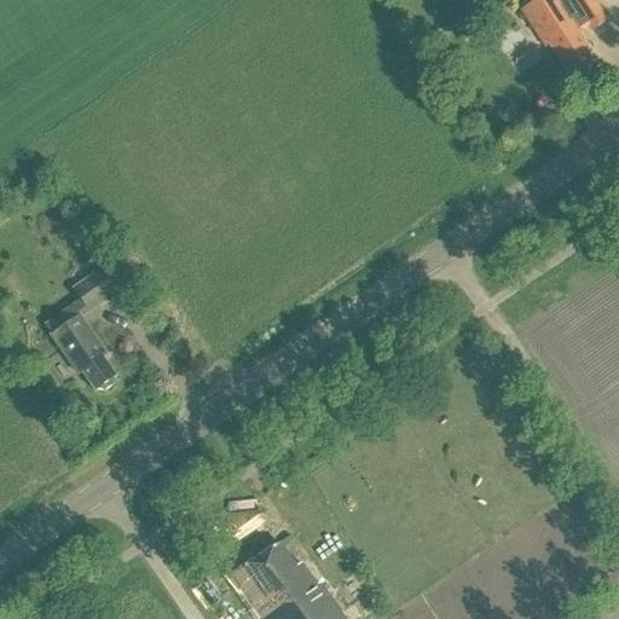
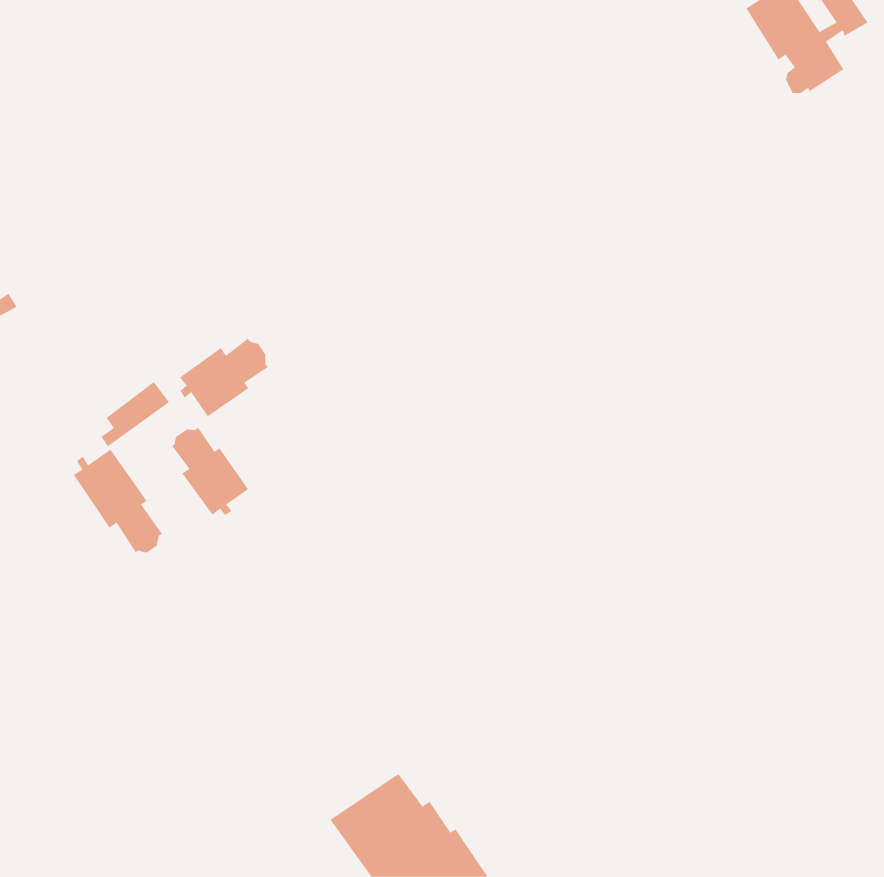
building: none -> [179,338,269,417]
building: none -> [171,427,249,516]

